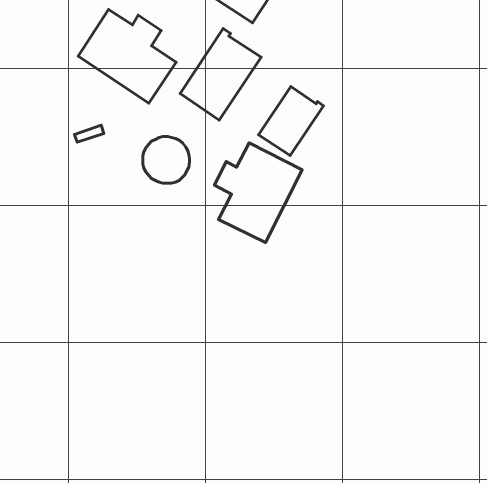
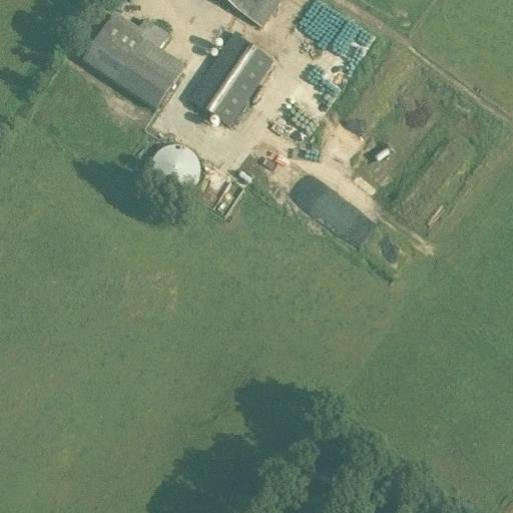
building: [259,86,323,155] -> none
building: [215,143,302,243] -> none

